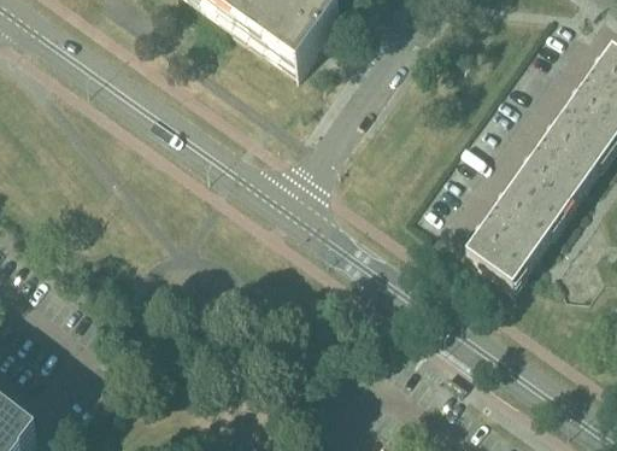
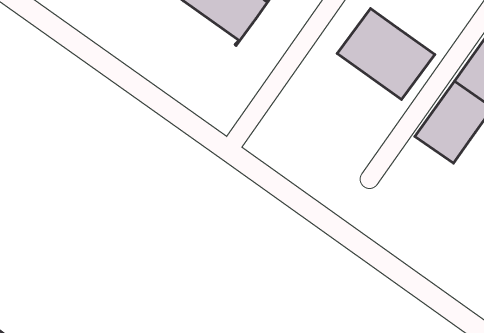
building: none -> [337,8,435,100]
building: [466,180,563,282] -> none

